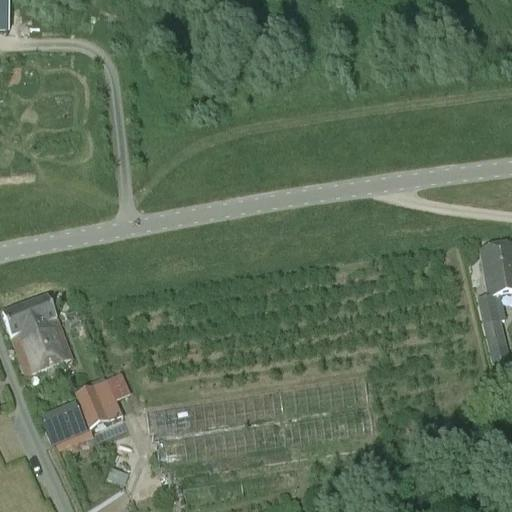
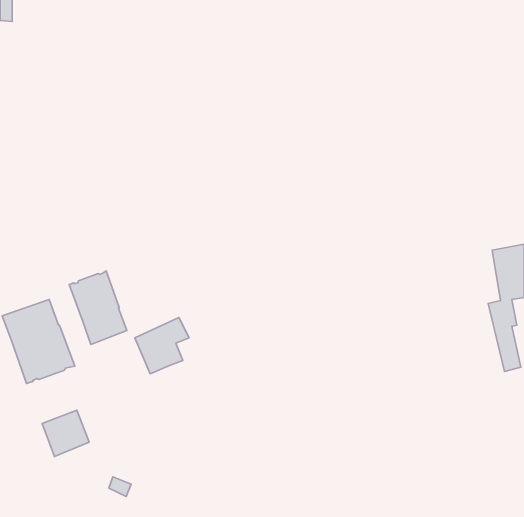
building: none -> [69,271,127,344]
building: [75,372,128,427] -> [135,317,189,374]

